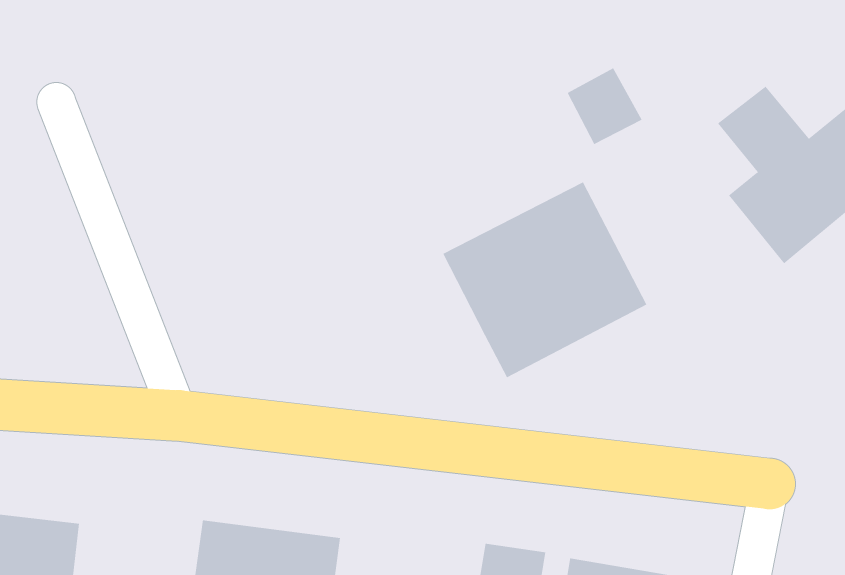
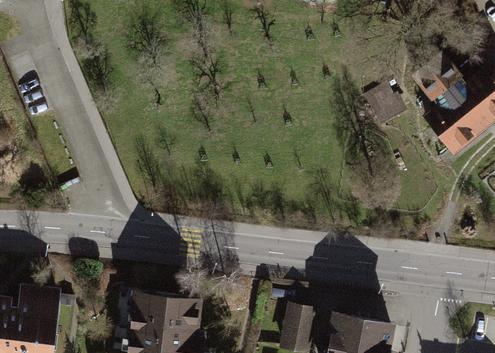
building: [567,67,642,145] -> [364,81,406,124]
building: [443,181,647,378] -> none

